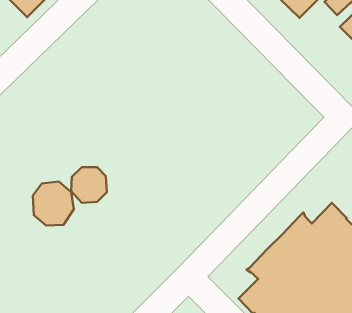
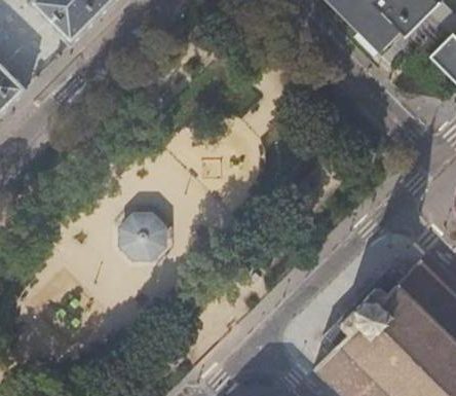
building: [33,182,74,226] -> none

